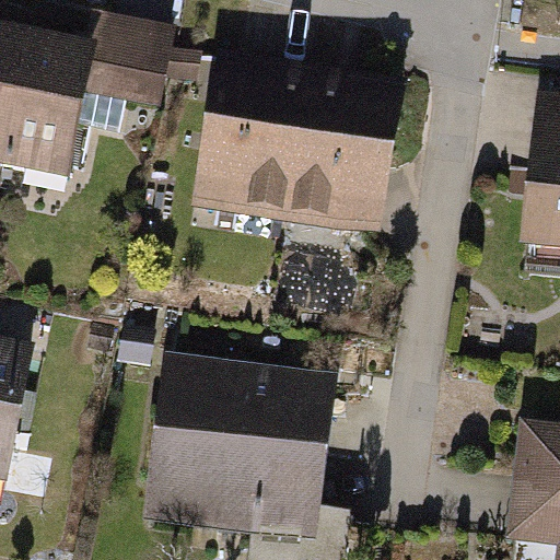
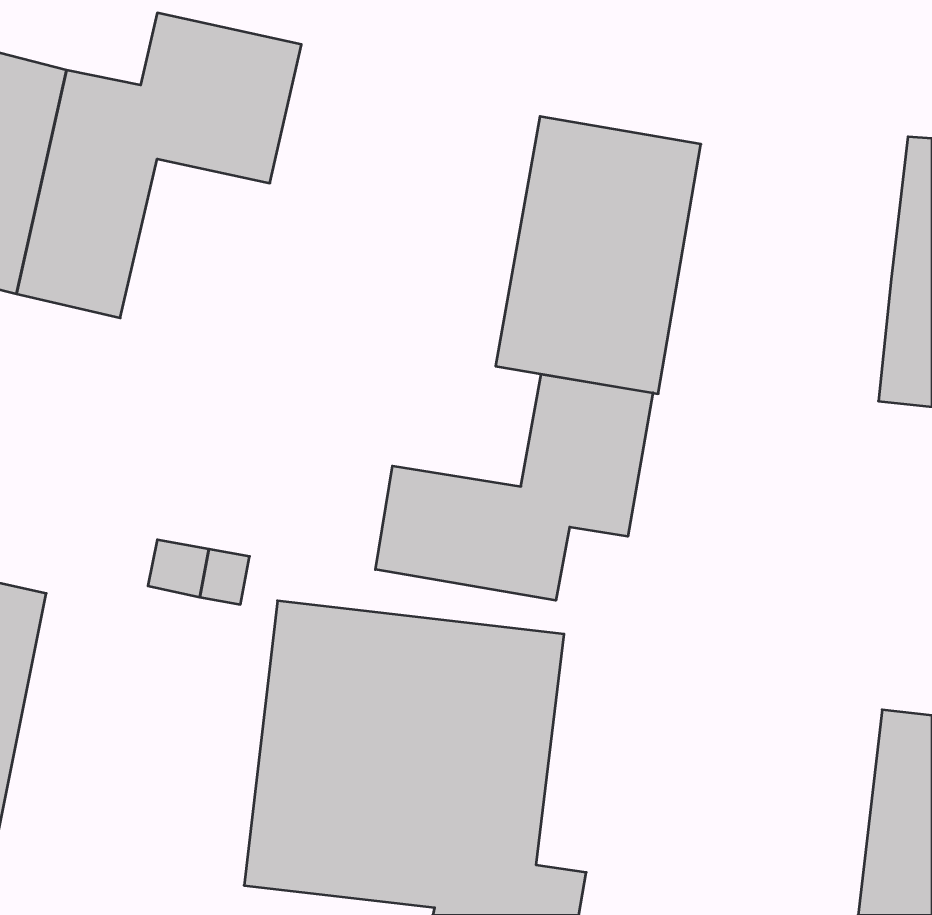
building: [195,52,319,217] -> none
building: none -> [375,374,653,600]

